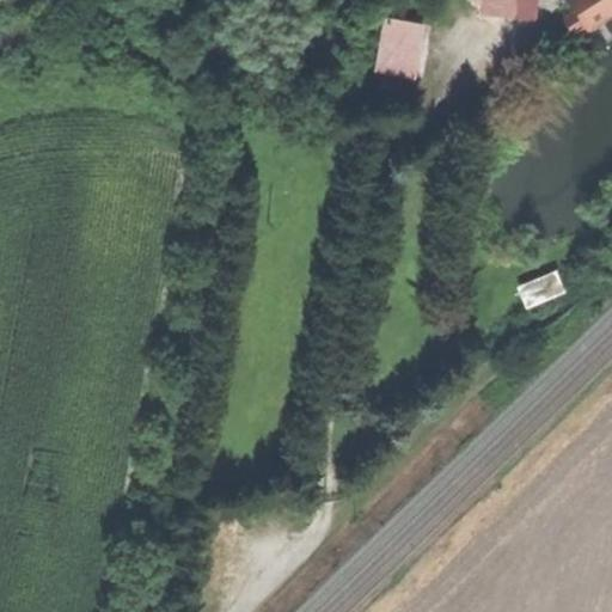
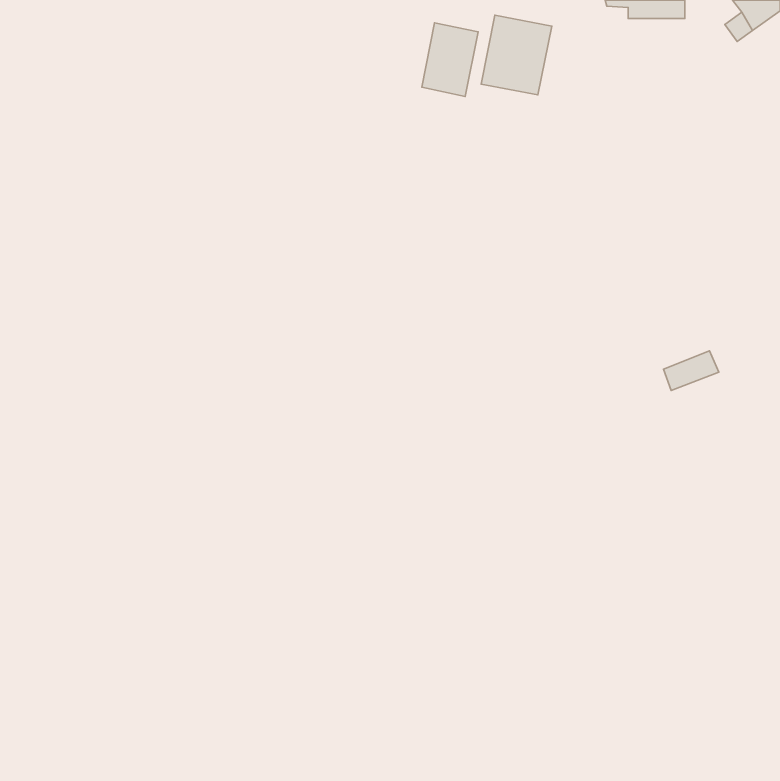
building: none -> [422,23,478,97]

